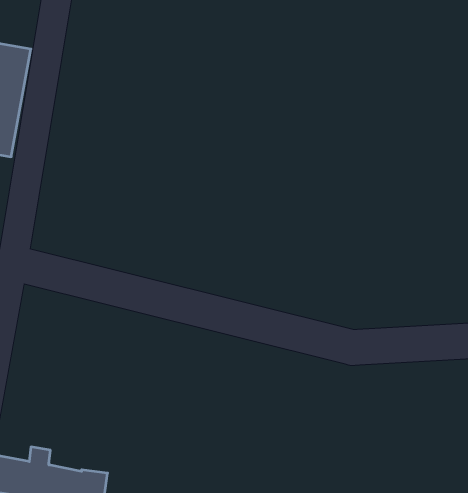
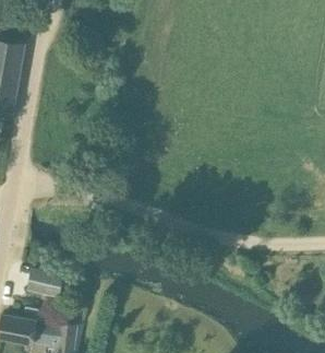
building: none -> [27,270,61,294]

